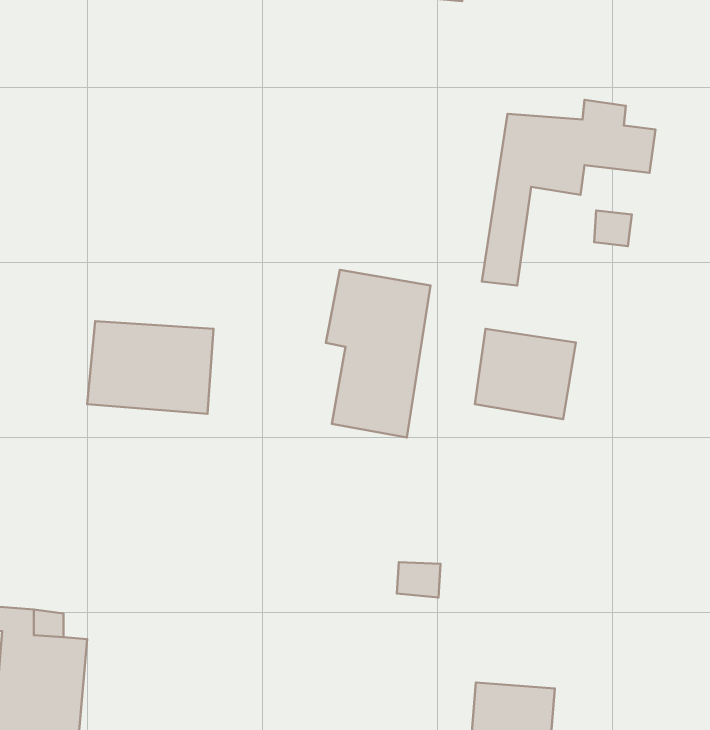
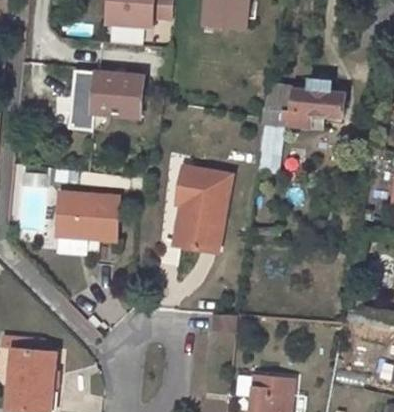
building: none -> [68,70,143,130]
building: [475,329,576,419] -> none

